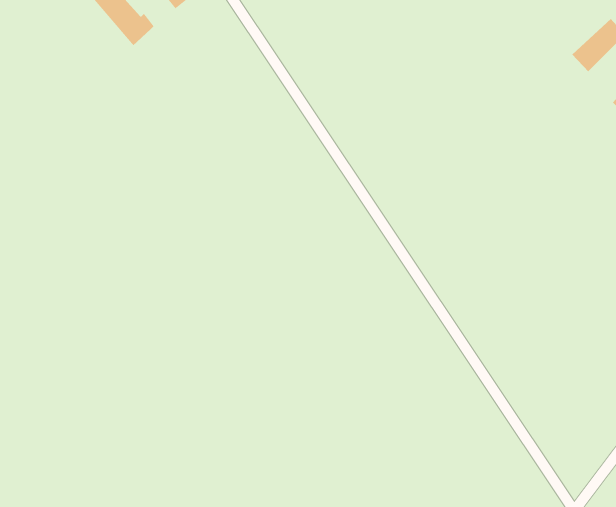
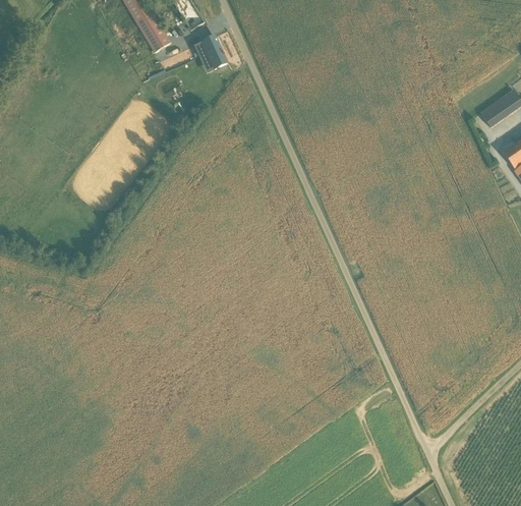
building: none -> [193,36,227,68]

